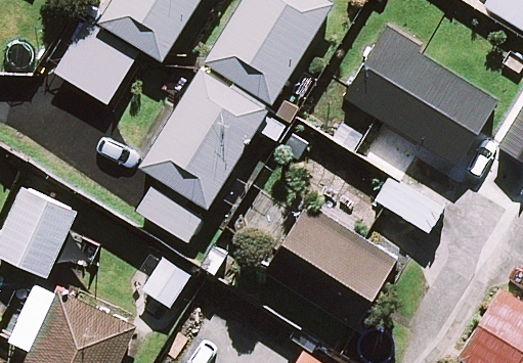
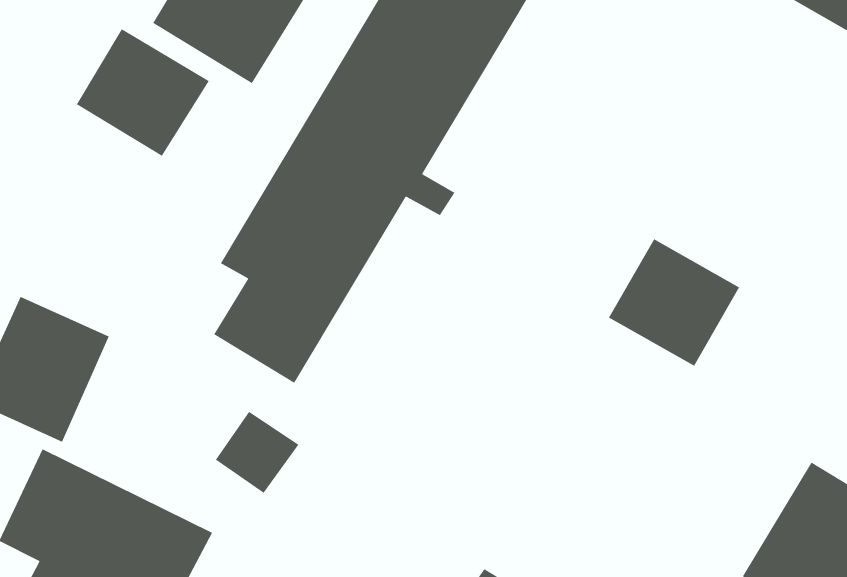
building: [345,32,496,164] -> none
building: [263,203,395,326] -> none

